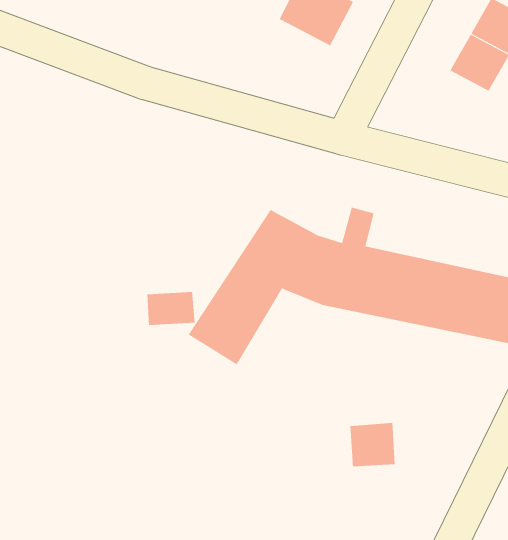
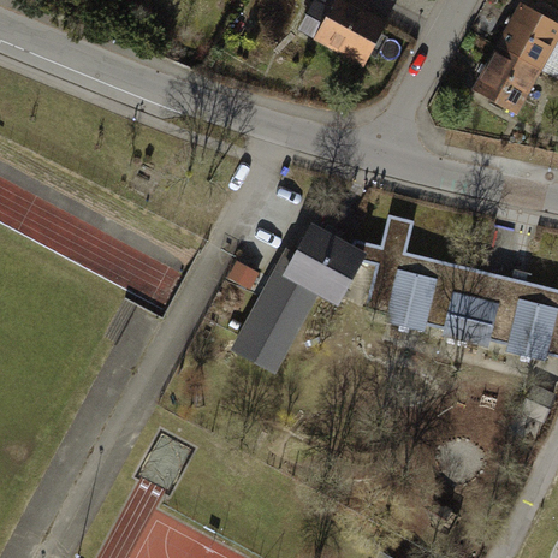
building: [147,291,195,326] -> none
building: [350,422,395,467] -> none

